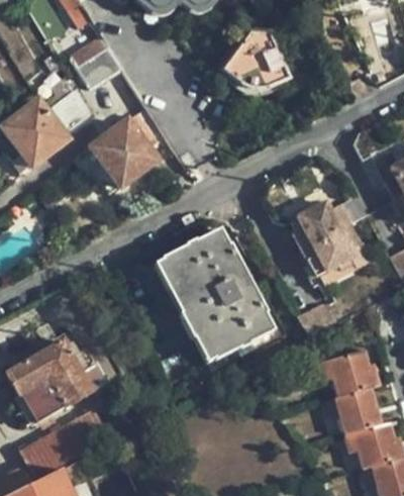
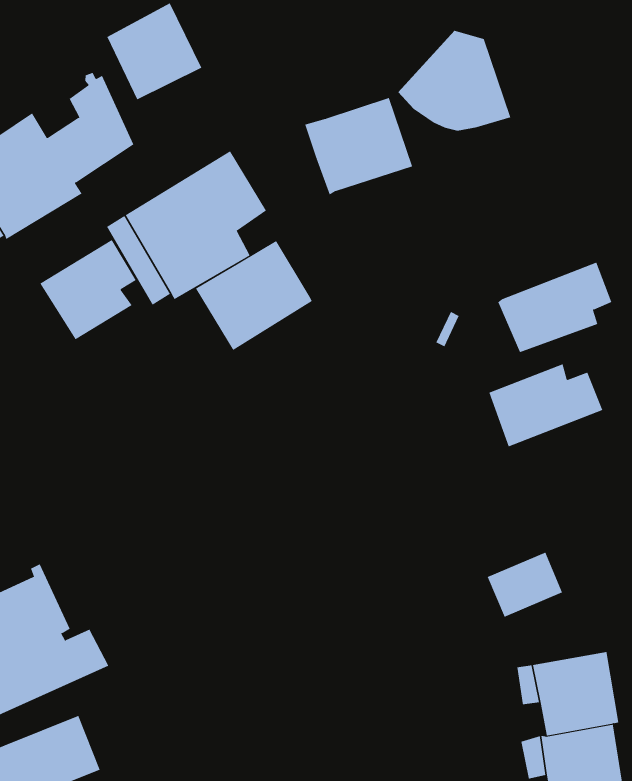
building: none -> [305,97,413,195]
building: none -> [195,240,313,351]
building: none -> [39,239,137,340]
building: [300,223,360,275] -> [498,262,612,353]
building: [161,227,274,360] -> none

